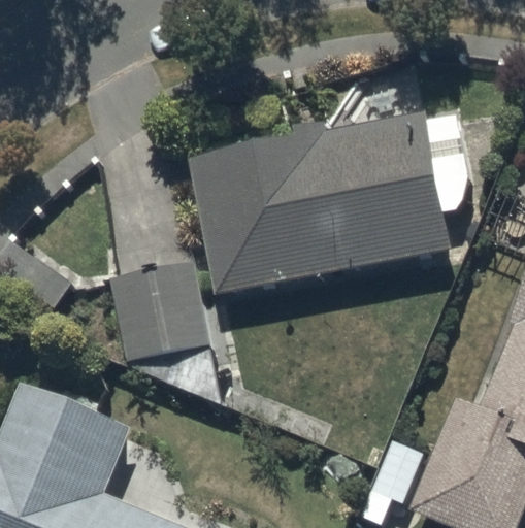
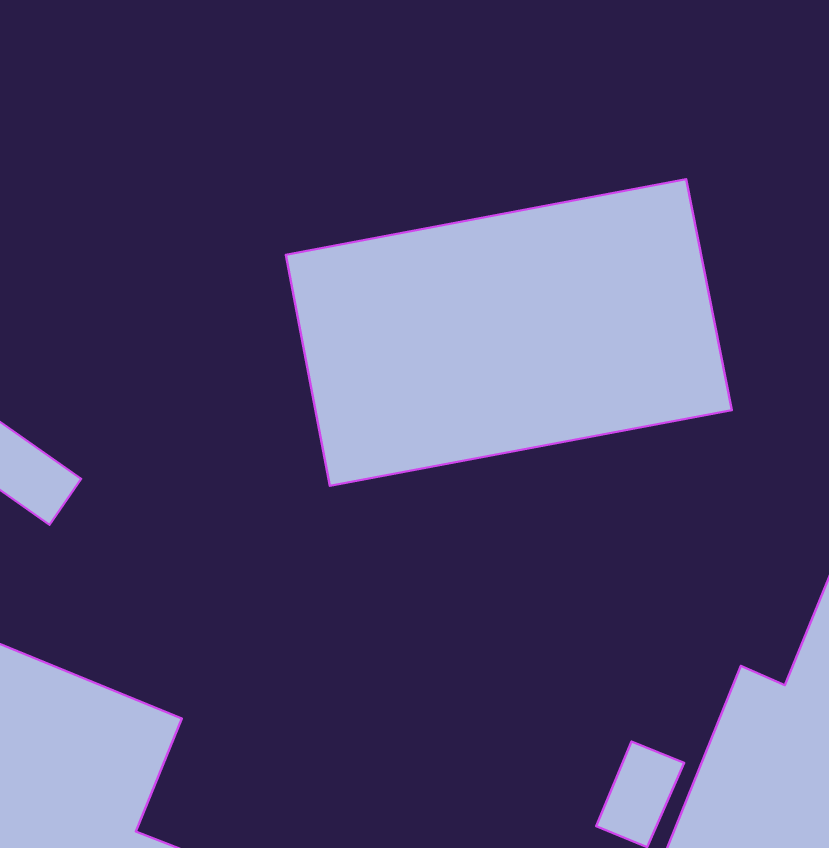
building: [111,262,210,361] -> none

